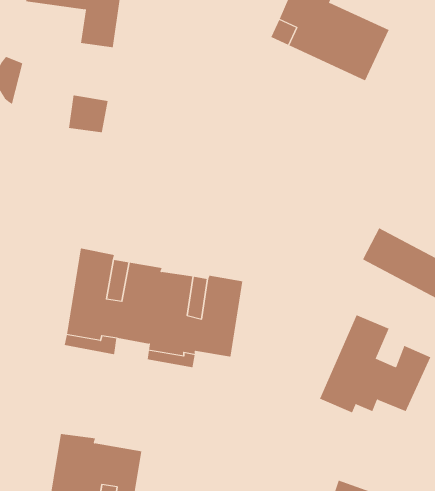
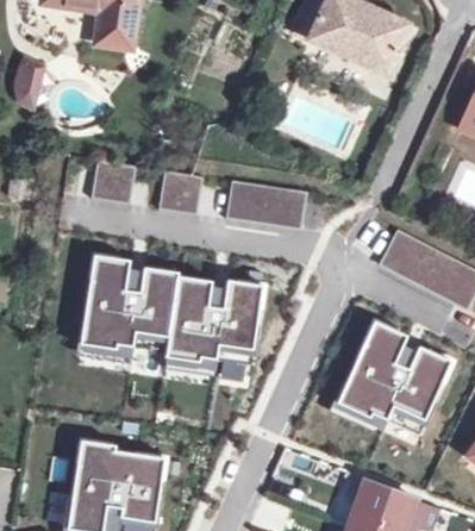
building: [68,95,109,133] -> [93,163,133,201]
building: none -> [161,173,201,212]
building: none -> [230,183,304,226]

